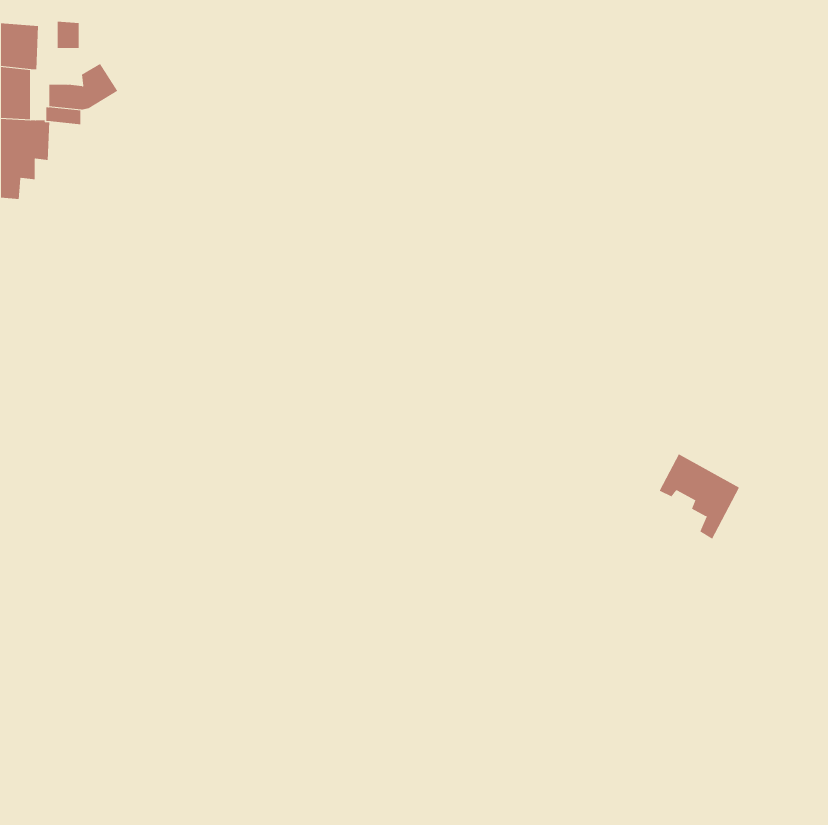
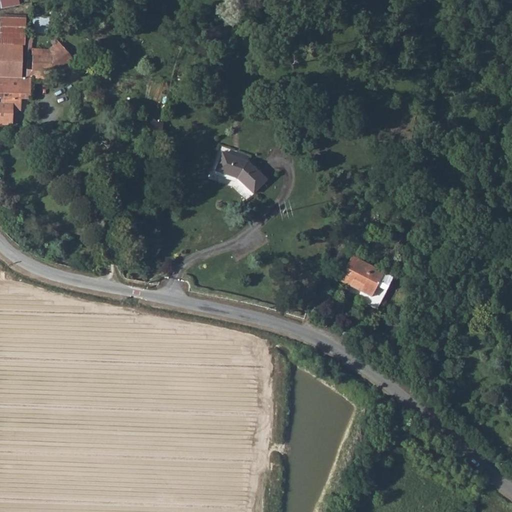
building: none -> [215,150,264,190]
building: [659,454,740,539] -> [340,255,390,308]

